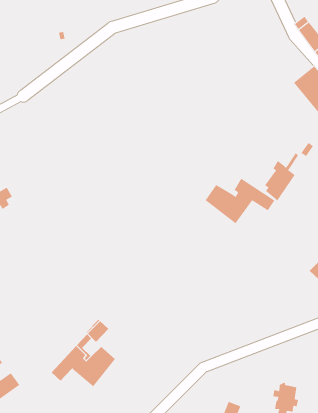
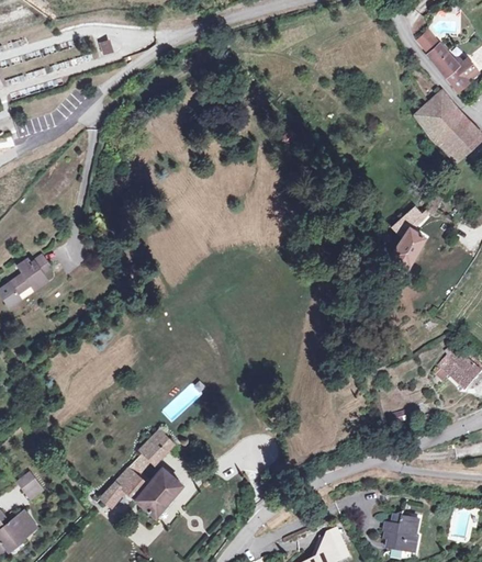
building: [205,178,275,224] -> none

